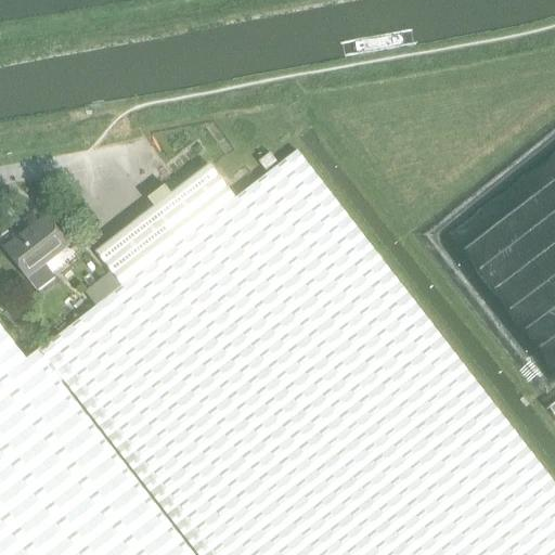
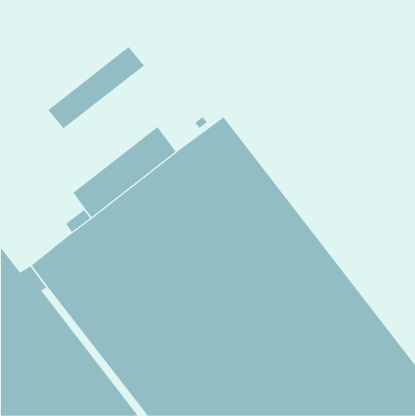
building: none -> [47,46,145,129]
building: [10,220,69,294] -> none

